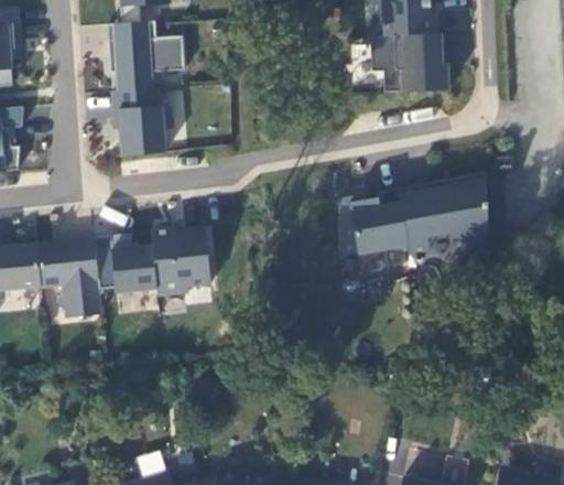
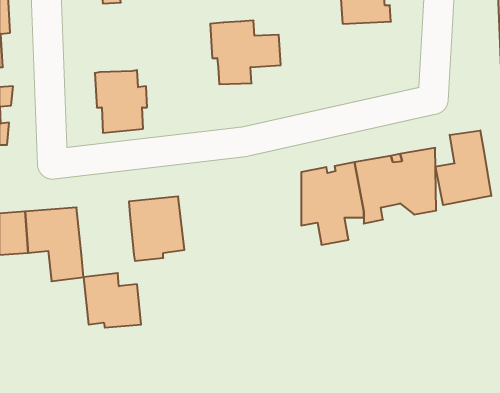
building: [108,17,185,86] -> [210,21,281,84]
building: [369,31,446,89] -> none
building: none -> [436,130,491,205]
building: [93,229,155,289] -> [84,273,141,328]

